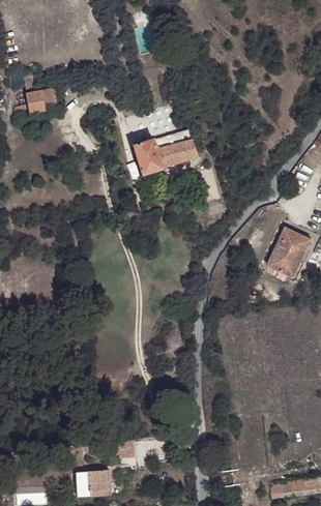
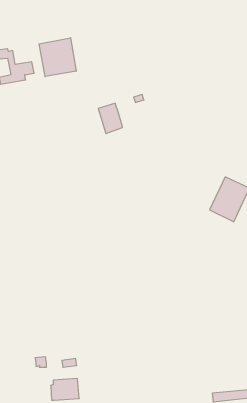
building: none -> [39,38,76,77]
building: [157,139,199,167] -> none

